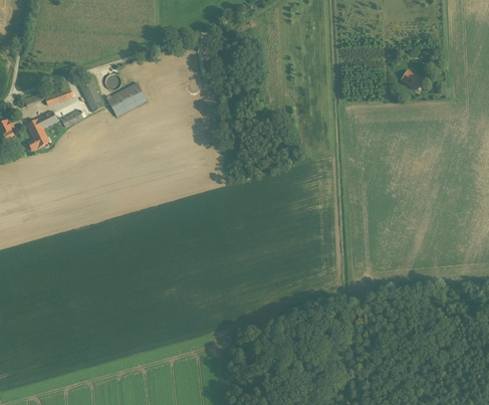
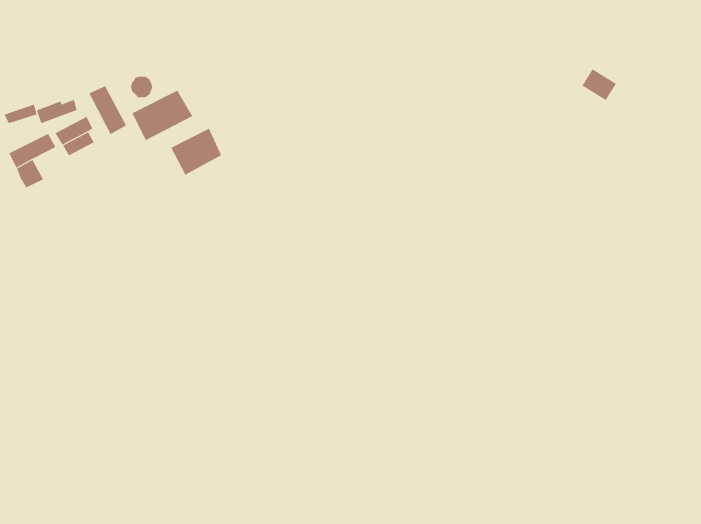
building: none -> [170,128,222,175]

